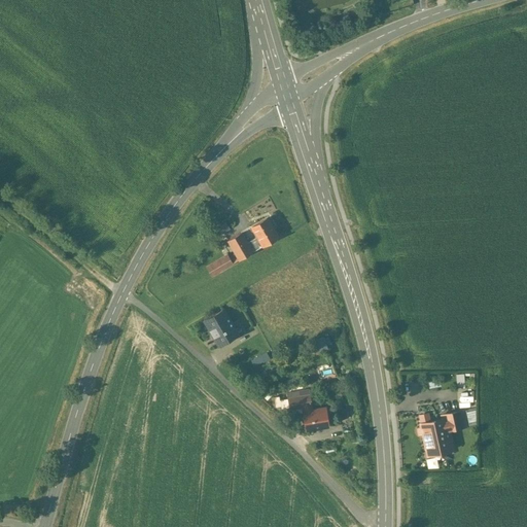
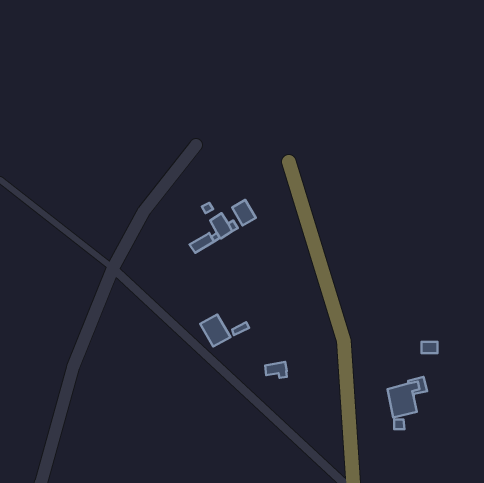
building: [205,309,238,344] -> [200,314,230,347]
building: [304,407,328,428] -> none

